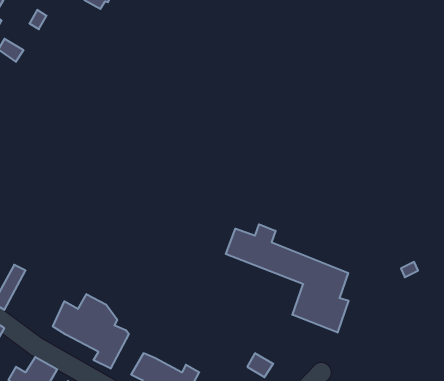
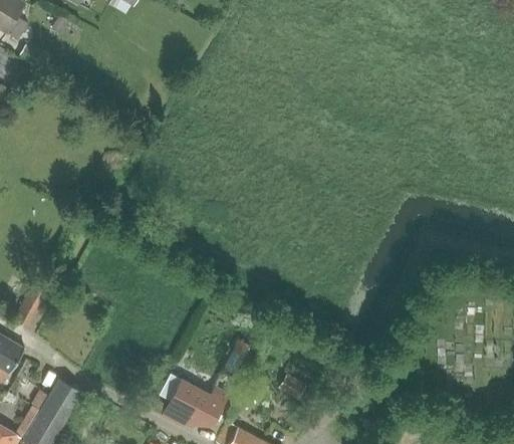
building: [226,224,349,333] -> none
building: [53,294,129,369] -> none

